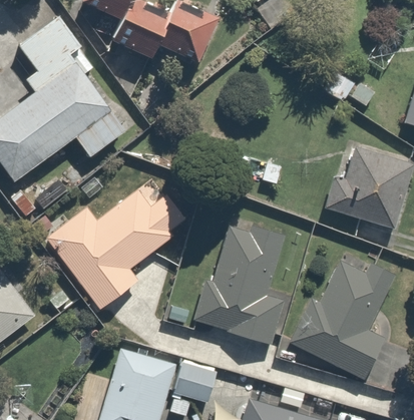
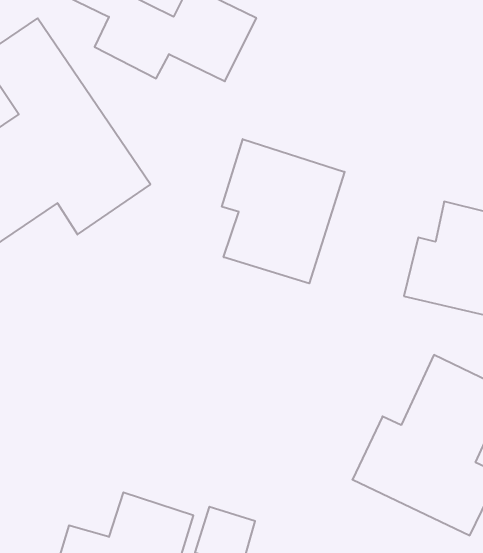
building: none -> [222,139,345,283]
building: [45,175,193,311] -> none
building: [193,221,288,344] -> none

